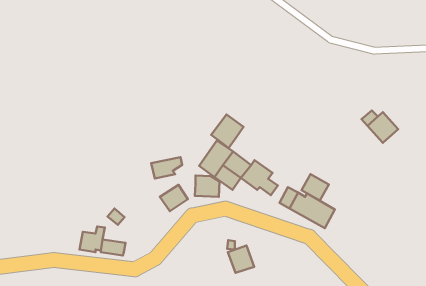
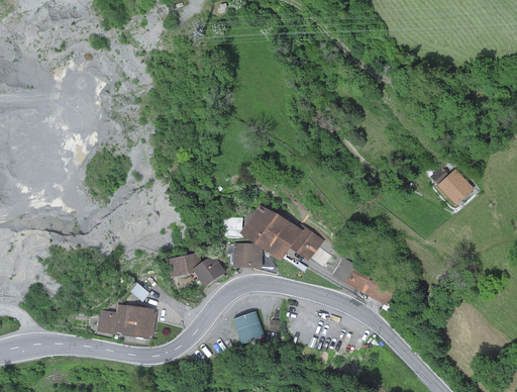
building: [211,114,244,148] -> none
building: [151,157,182,178] -> [166,253,202,278]
building: [301,174,329,201] -> none
building: none -> [123,305,152,323]
building: [228,245,254,273] -> [232,311,264,344]

